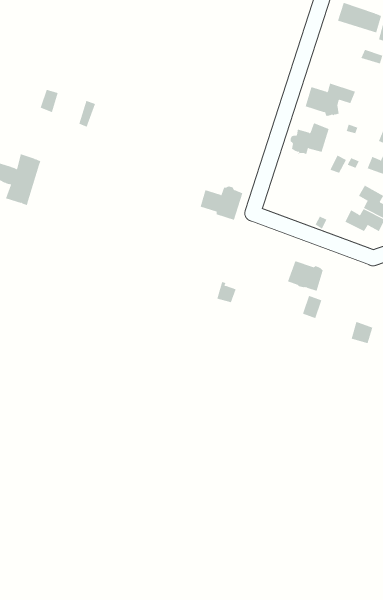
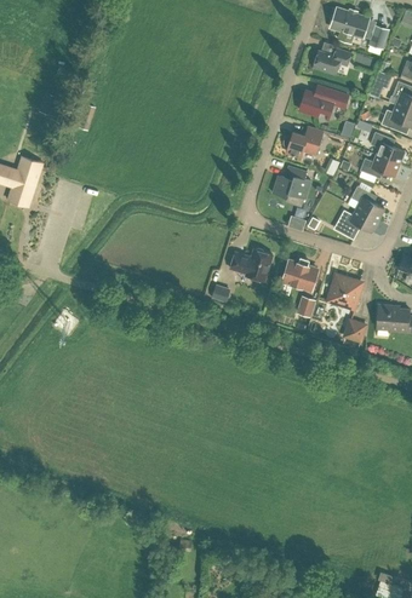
building: none -> [314,47,351,71]
building: none -> [273,166,311,202]
building: [200,186,243,221] -> [230,247,273,281]
building: none -> [328,275,360,306]

